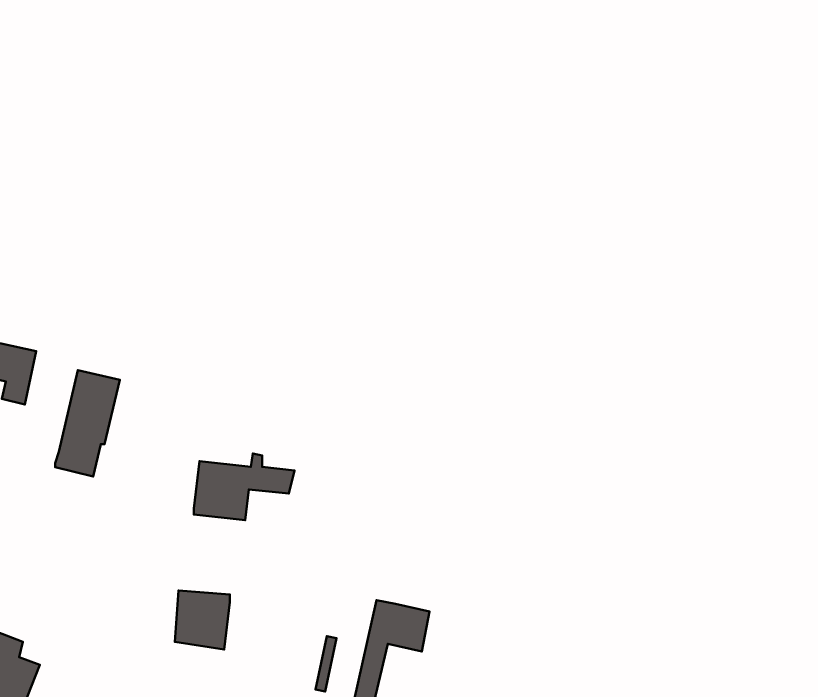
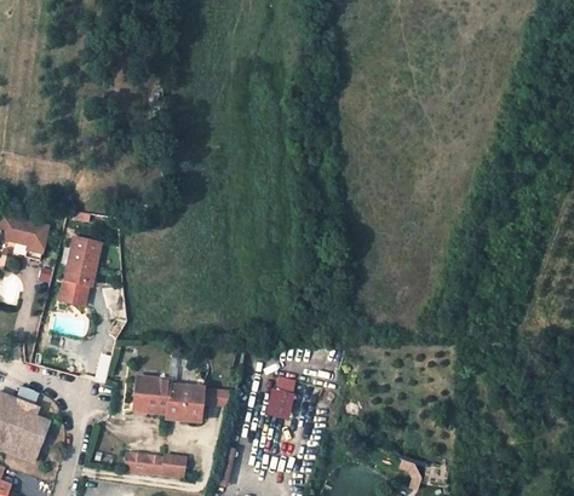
building: [194,454,295,520] -> [167,379,231,421]

